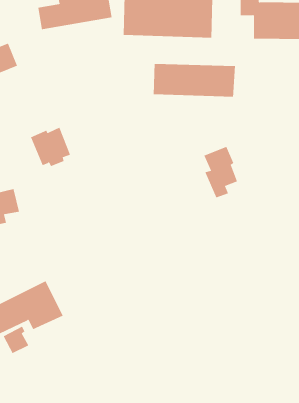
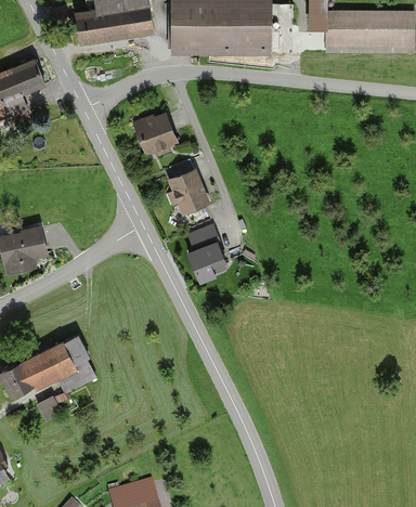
building: [153,63,236,97] -> none
building: [30,127,71,167] -> [128,110,176,157]
building: none -> [164,169,206,216]
building: [204,146,238,198] -> [182,223,222,284]

